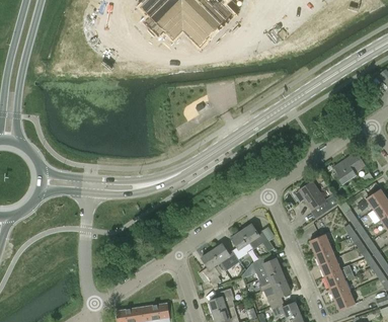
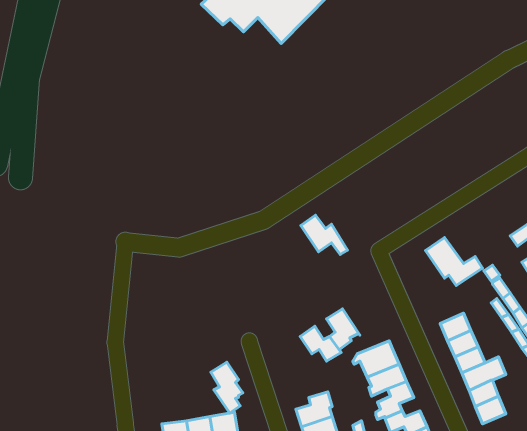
building: [333,152,365,184] -> none
building: [241,224,274,251] -> [301,215,348,255]
building: [201,250,223,286] -> [211,362,243,413]

